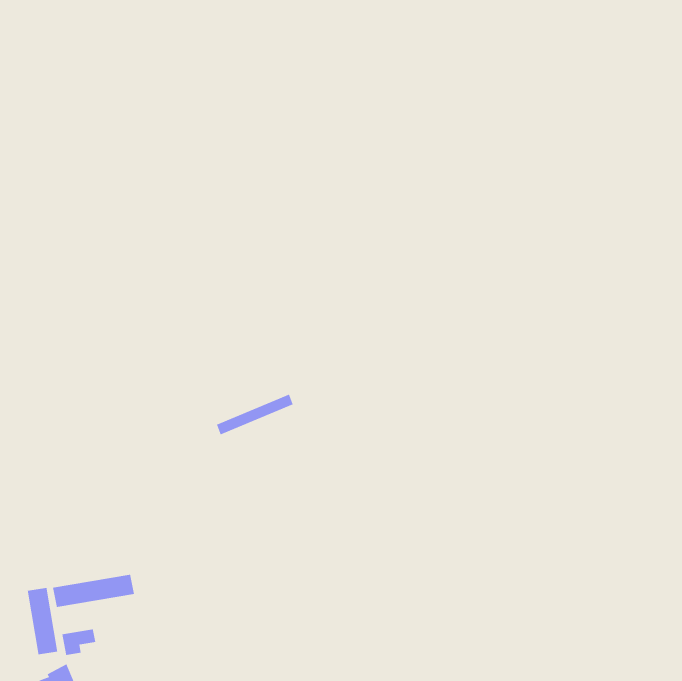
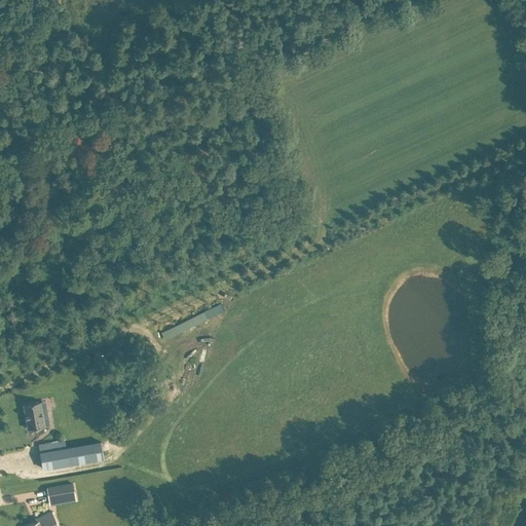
building: none -> [24,402,50,429]
building: [27,587,58,655] -> none

